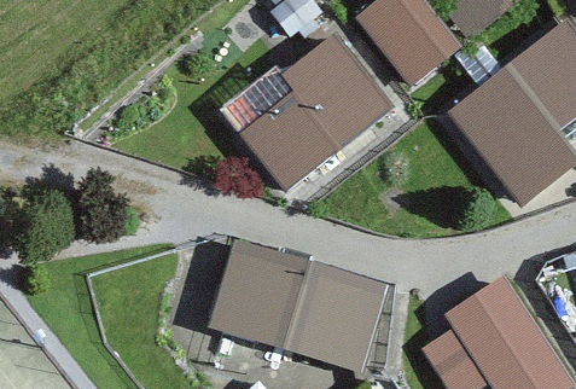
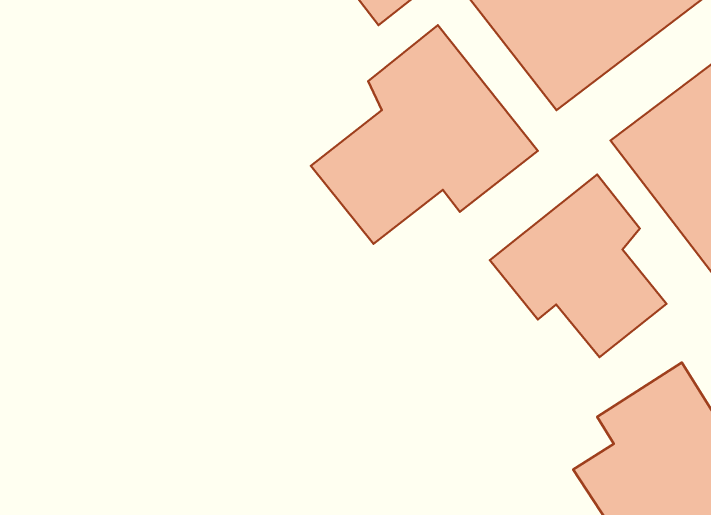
building: none -> [490,174,667,357]
building: [211,233,377,364] -> none

